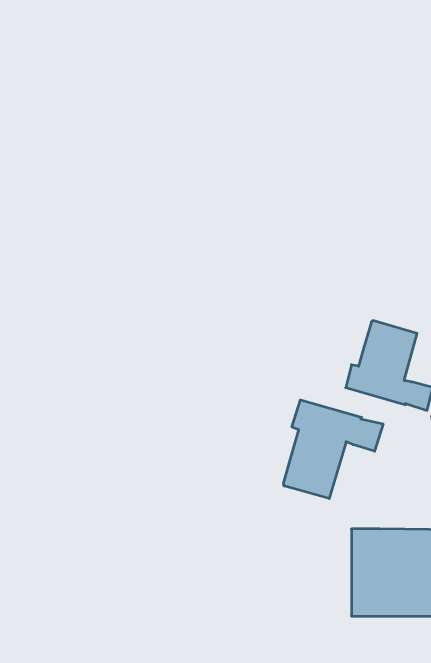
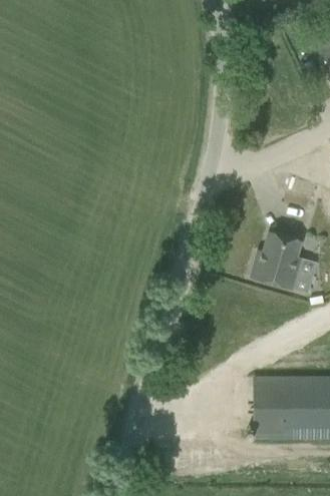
building: [284,400,383,499] -> none

